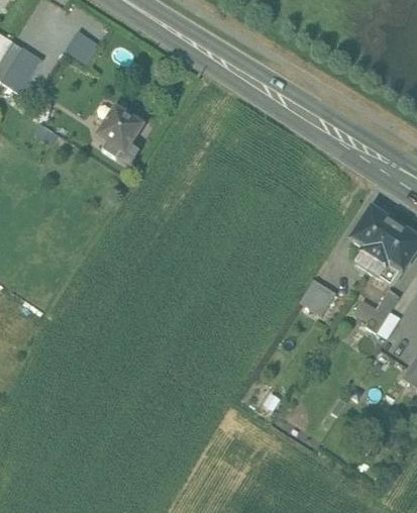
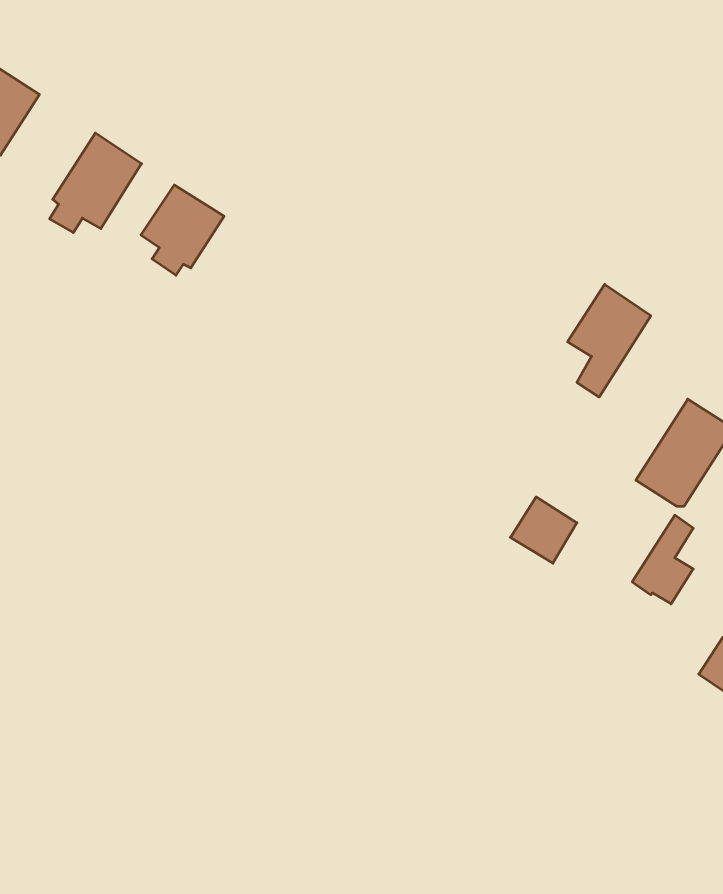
building: [66,27,99,61] -> none
building: none -> [50,133,142,233]
building: [350,207,396,269] -> [568,284,651,397]

